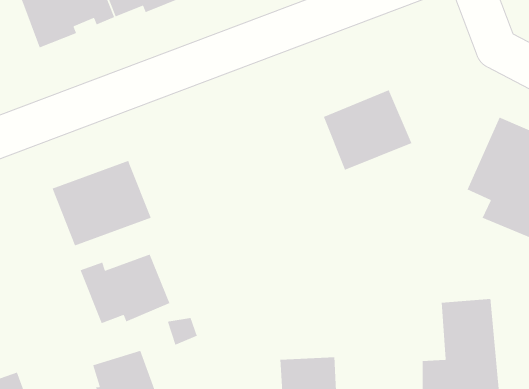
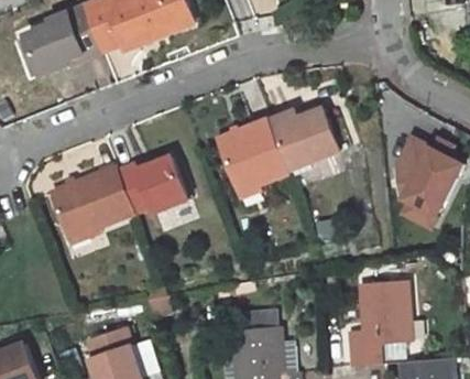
building: none -> [218,121,288,196]
building: [80,253,171,324] -> [113,156,187,214]

